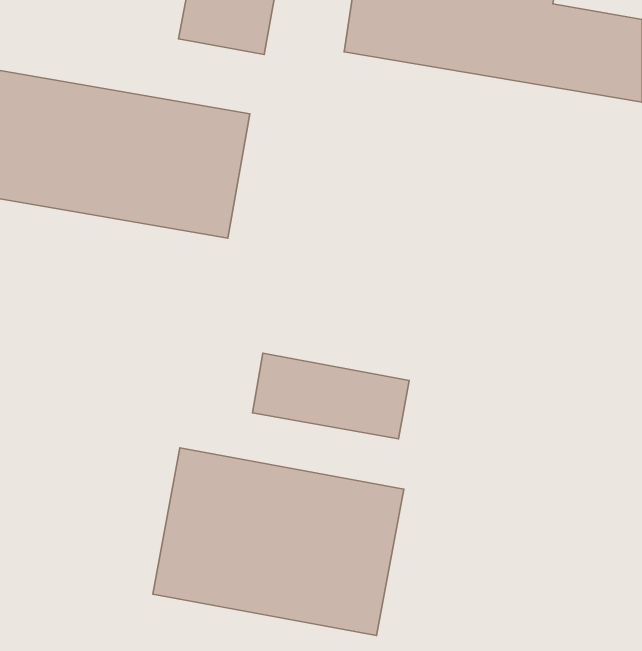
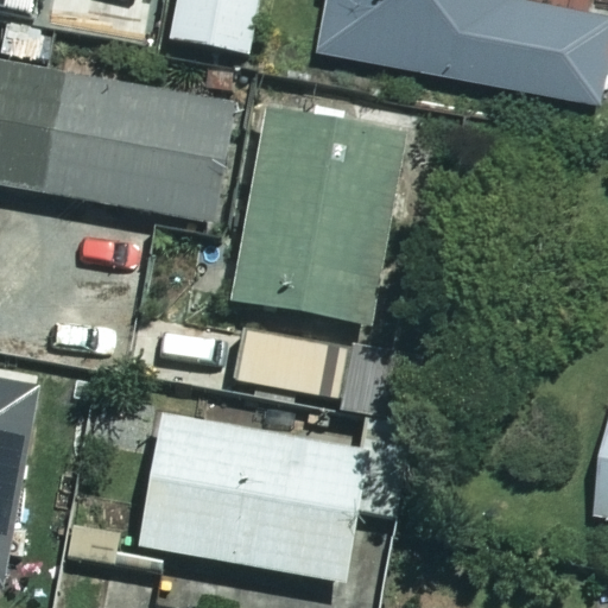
building: none -> [232,107,407,325]

